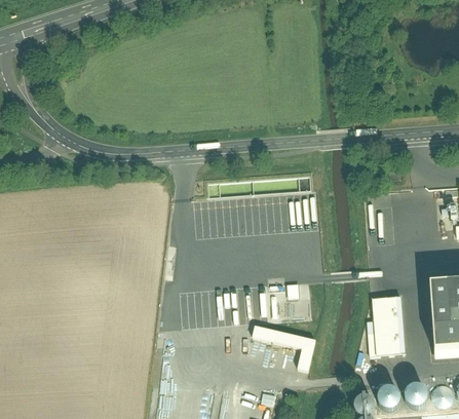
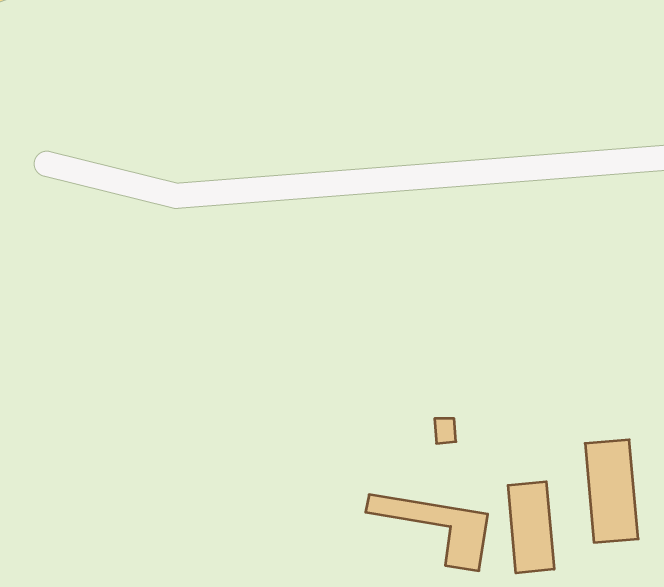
building: none -> [508,482,554,573]

